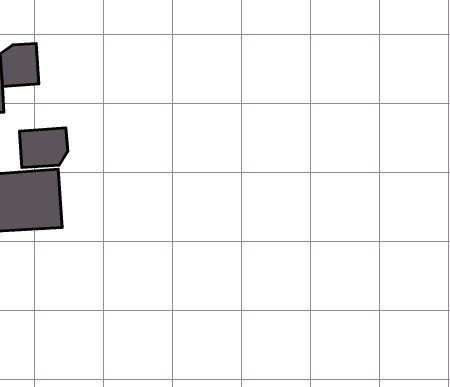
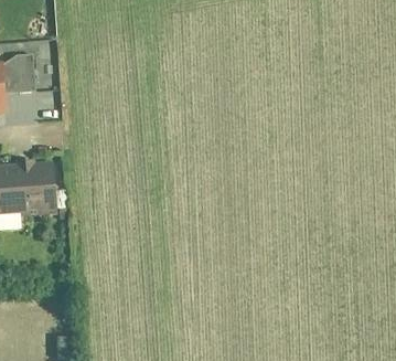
building: [19,128,68,167] -> none

